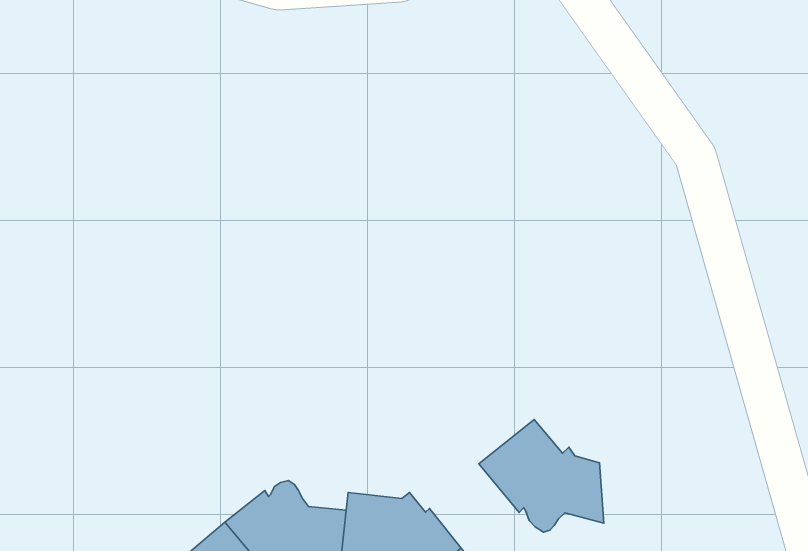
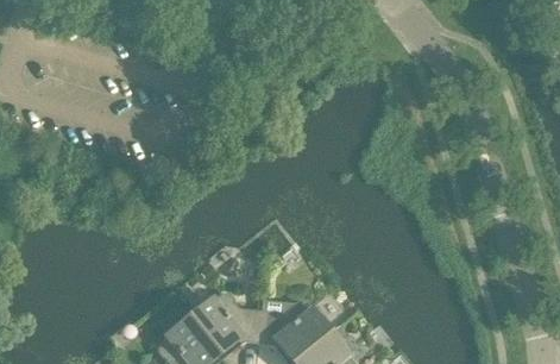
building: [479,420,604,532] -> none

